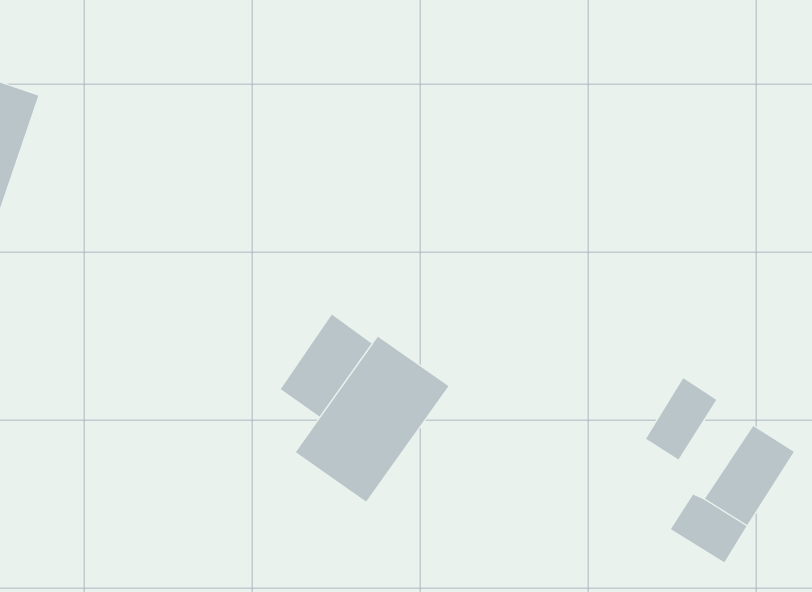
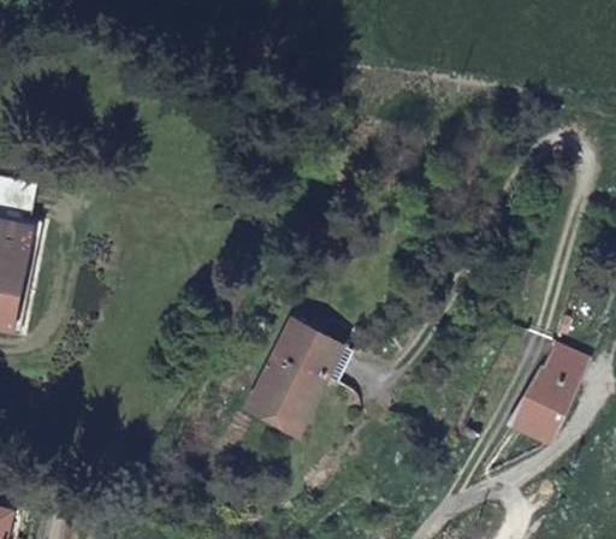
building: [280,314,372,417] -> none
building: [645,377,717,460] -> none

